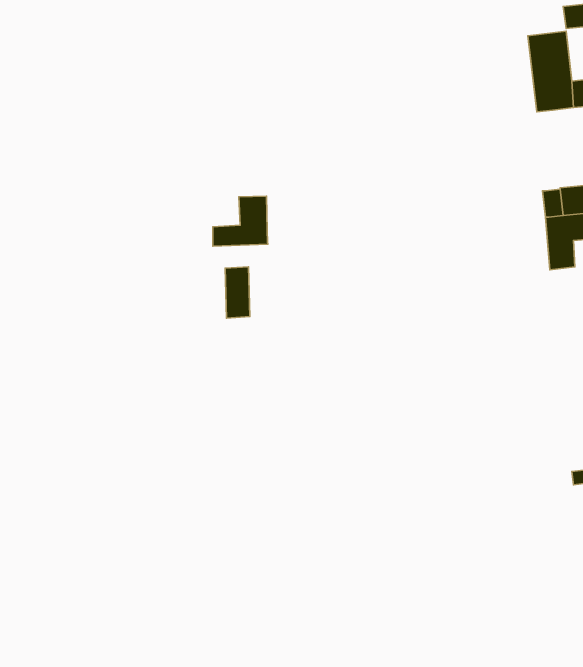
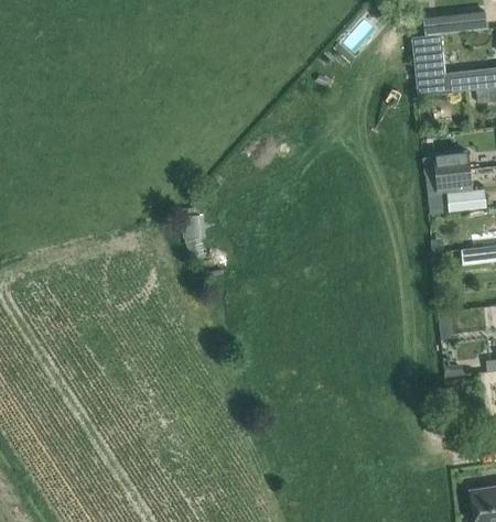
building: [213,196,268,246] -> none

